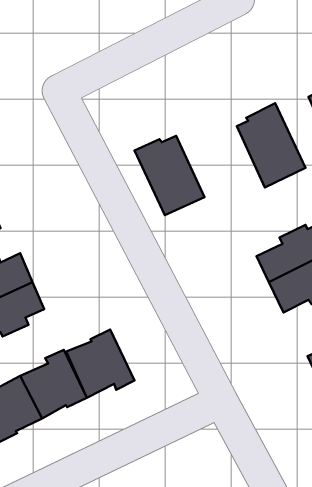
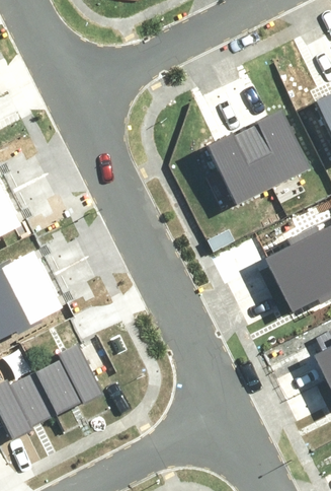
building: [135,136,204,215] -> [204,129,272,206]
building: [66,330,135,398] -> none

